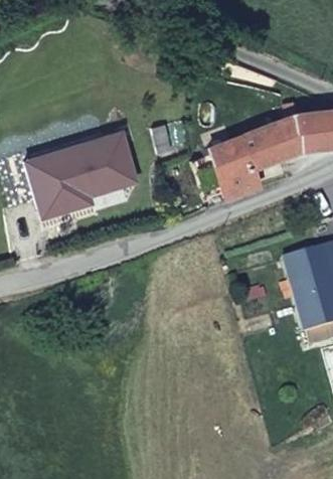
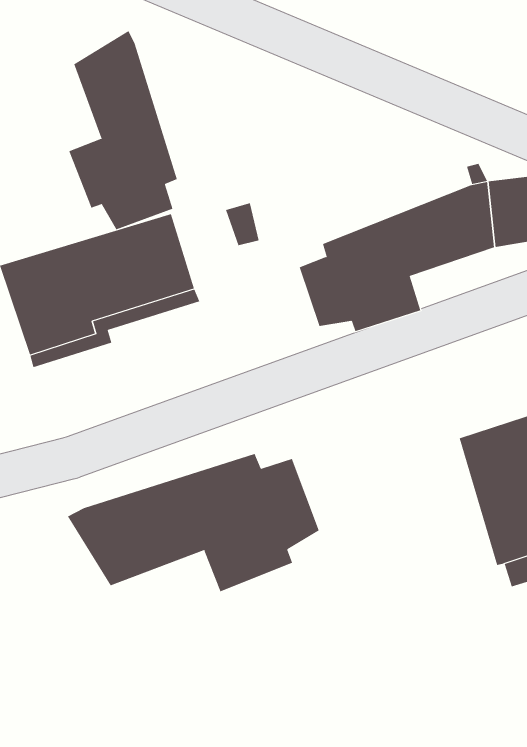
building: none -> [69,30,177,230]
building: none -> [67,453,319,592]

